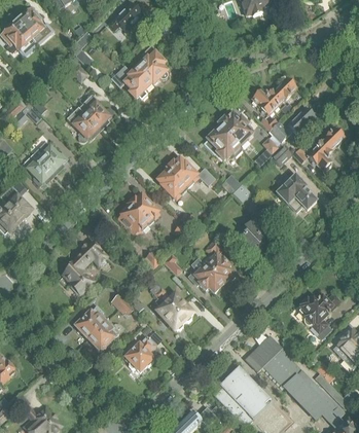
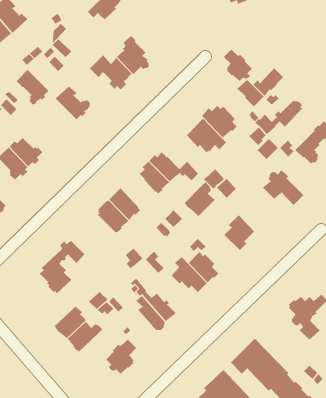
building: none -> [223,49,253,82]
building: [66,107,98,141] -> [16,69,49,105]
building: none -> [184,182,215,217]

